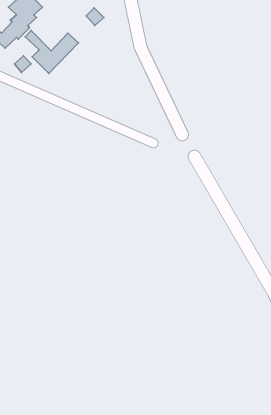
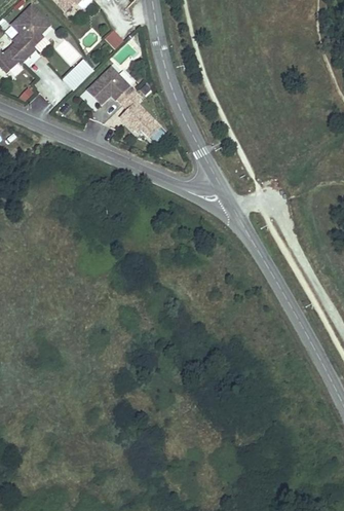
building: none -> [87,66,160,136]

